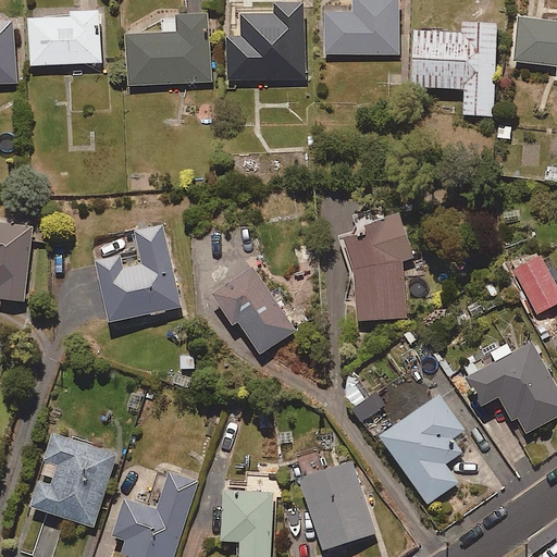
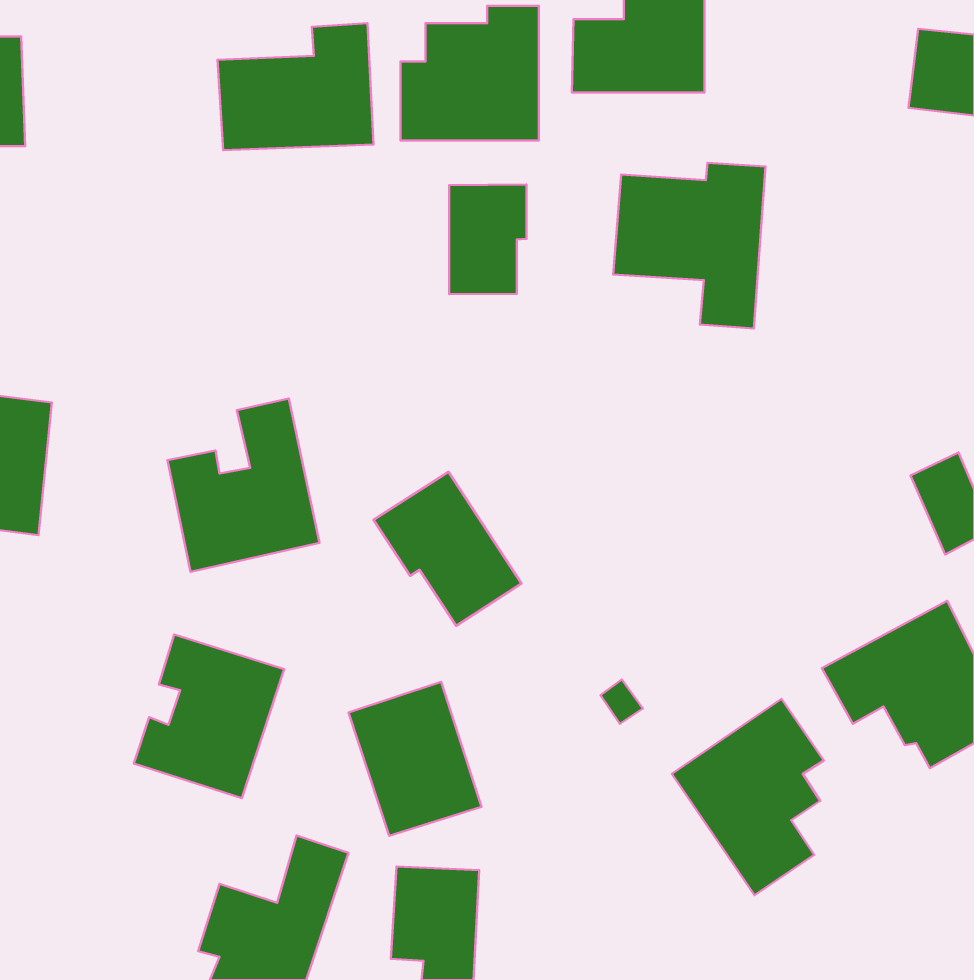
building: [27,11,101,65] -> none
building: [411,23,497,116] -> [613,163,765,328]
building: none -> [449,184,527,294]
building: [346,211,418,317] -> none
building: [29,433,114,525] -> [134,634,284,798]
building: [299,462,374,549] -> [349,682,481,836]

